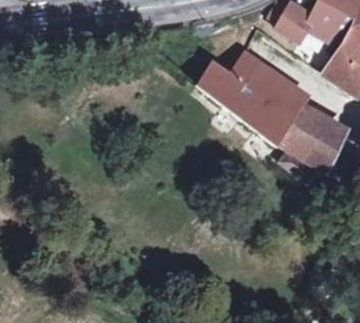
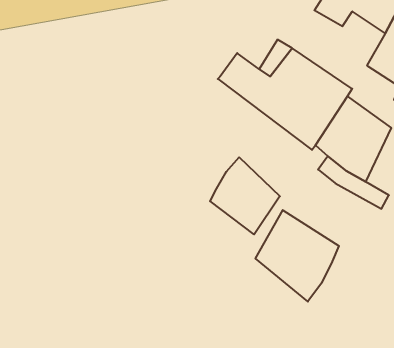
building: none -> [210,157,280,234]
building: none -> [255,210,339,302]

